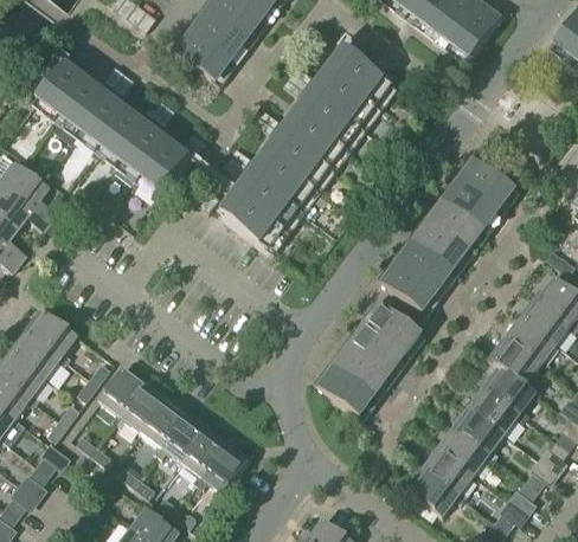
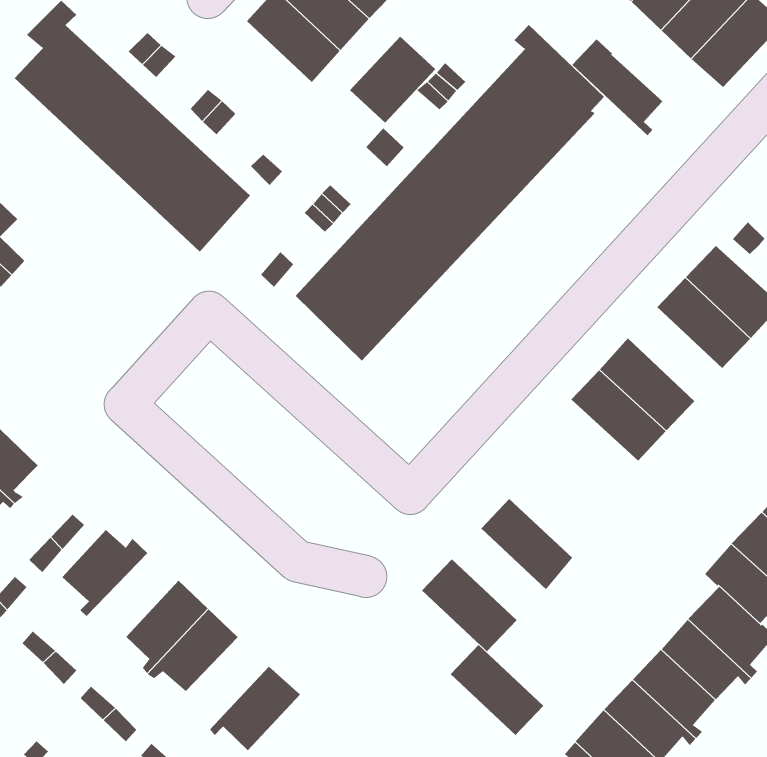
building: none -> [571,39,664,136]
building: none -> [349,36,436,123]
building: [426,196,486,251] -> none
building: [380,258,441,312] -> none
building: [365,299,424,354] -> none
building: [334,342,393,395] -> [450,644,544,736]
building: [116,379,169,431] -> none
building: [181,424,230,482] -> none

